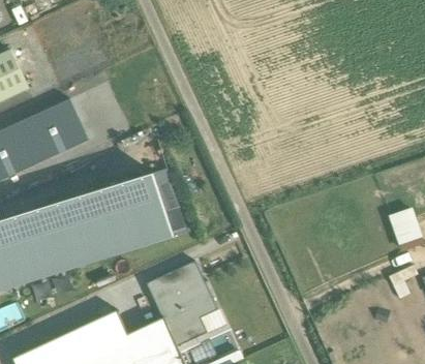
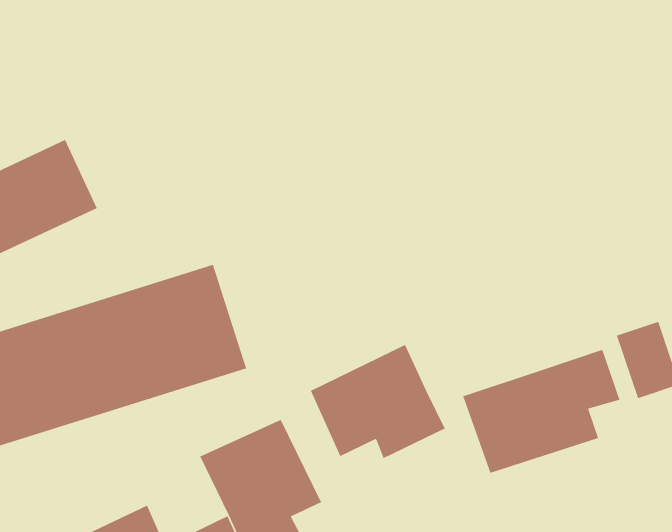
building: none -> [310,344,446,459]
building: none -> [462,349,620,474]

